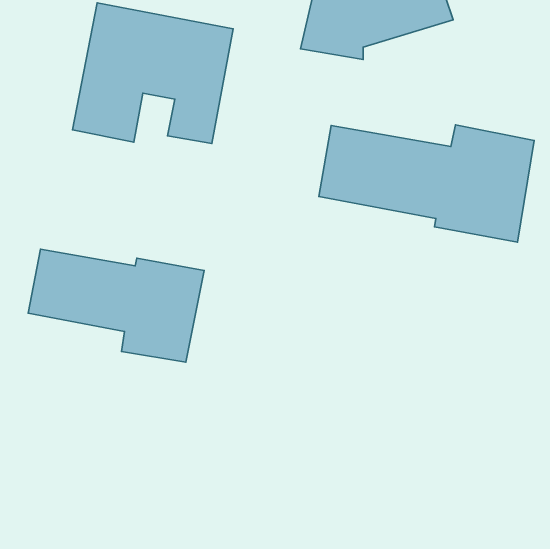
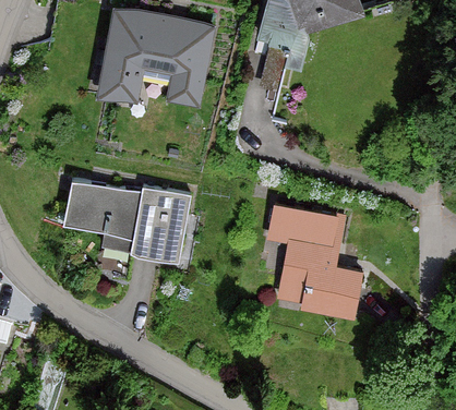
building: [319,125,534,242] -> none
building: none -> [267,204,364,315]

